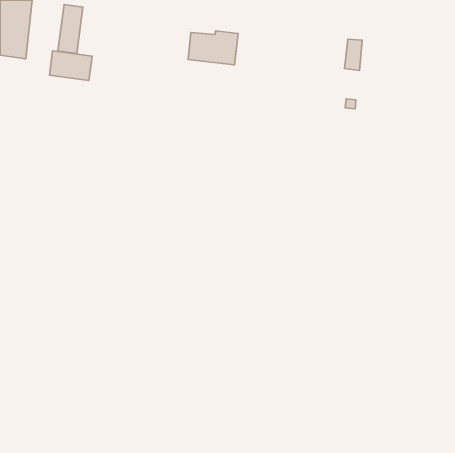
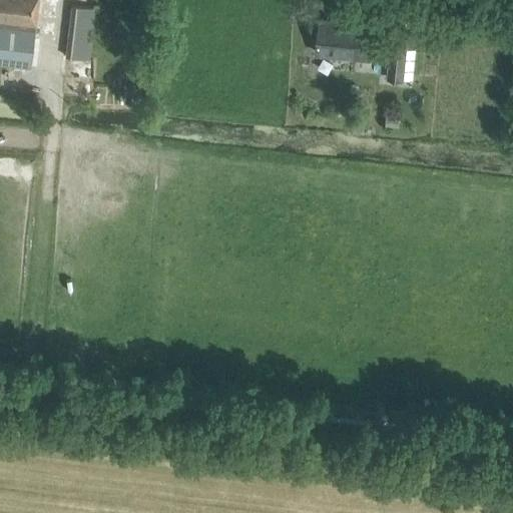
building: [188,31,238,65] -> [317,24,373,62]
building: [49,51,92,80] -> none

